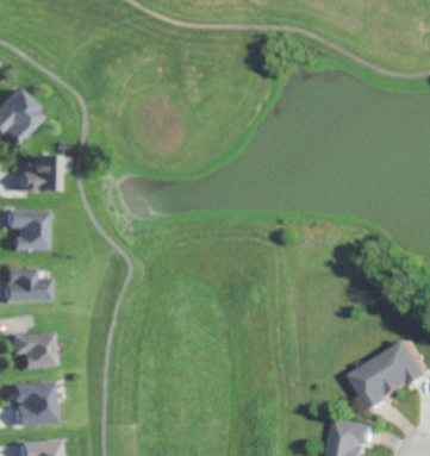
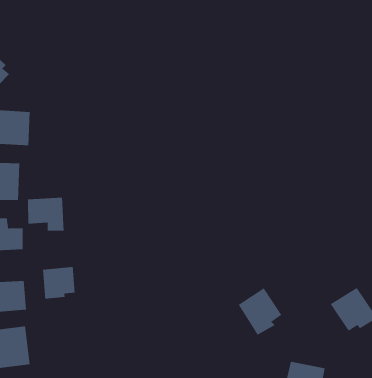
building: none -> [28,197,64,231]
building: none -> [43,266,75,300]
building: [347,357,393,407] -> [238,288,282,335]

